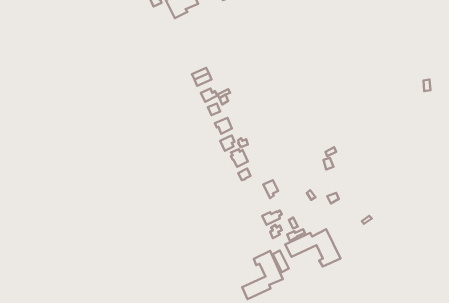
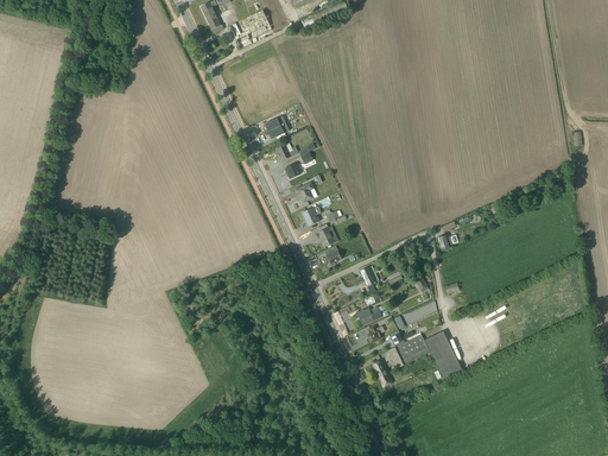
building: [242,251,283,299] -> none

